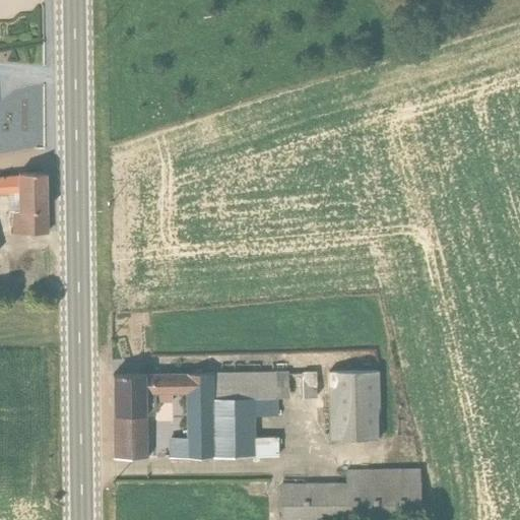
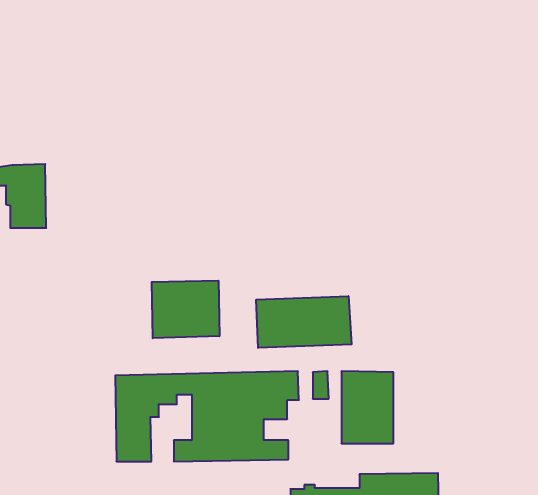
building: none -> [152,281,219,338]
building: none -> [256,296,352,348]

